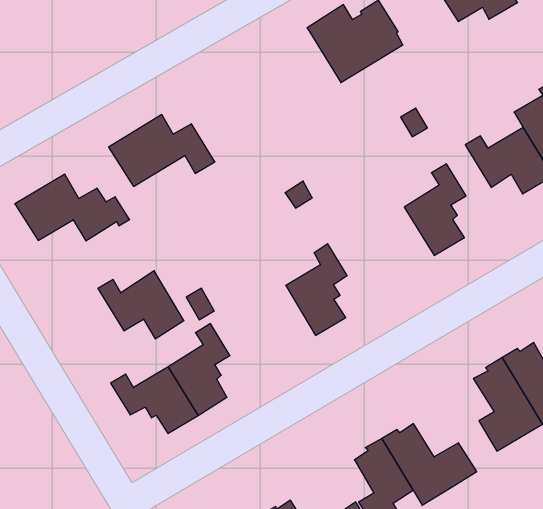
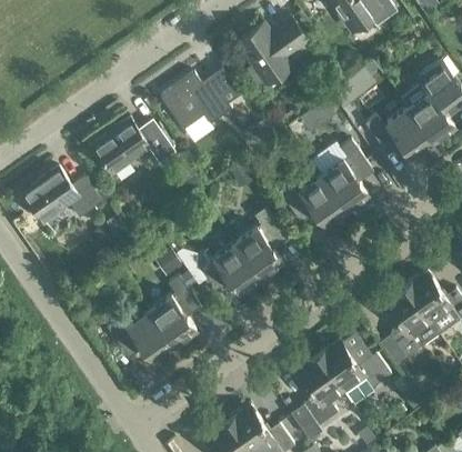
building: none -> [161,59,244,138]
building: none -> [279,175,348,227]
building: [98,271,184,339] -> [193,242,261,294]

